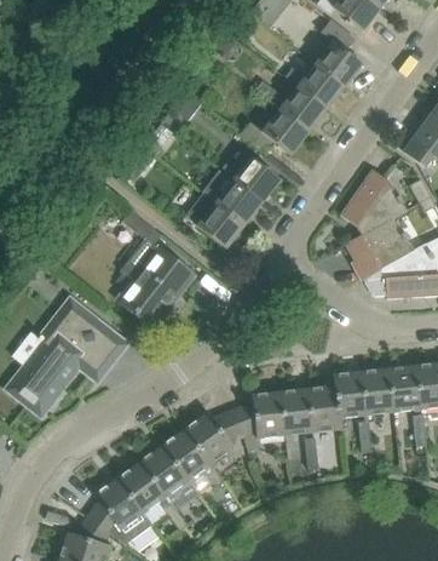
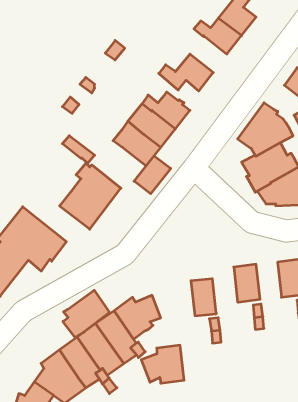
building: [255,81,325,132] -> none
building: none -> [134,156,171,194]
building: [362,368,393,414] -> none
building: [307,374,341,433] -> none
building: [232,391,286,439] -> [141,345,184,383]
building: none -> [63,290,110,338]

